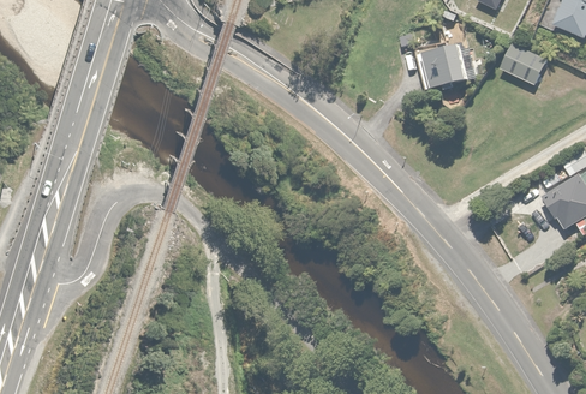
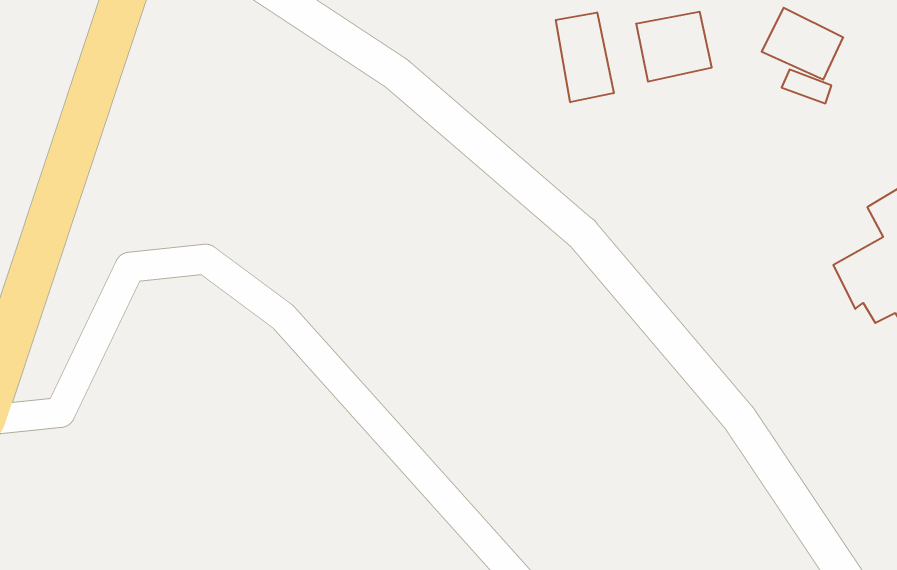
building: none -> [556,12,614,102]

